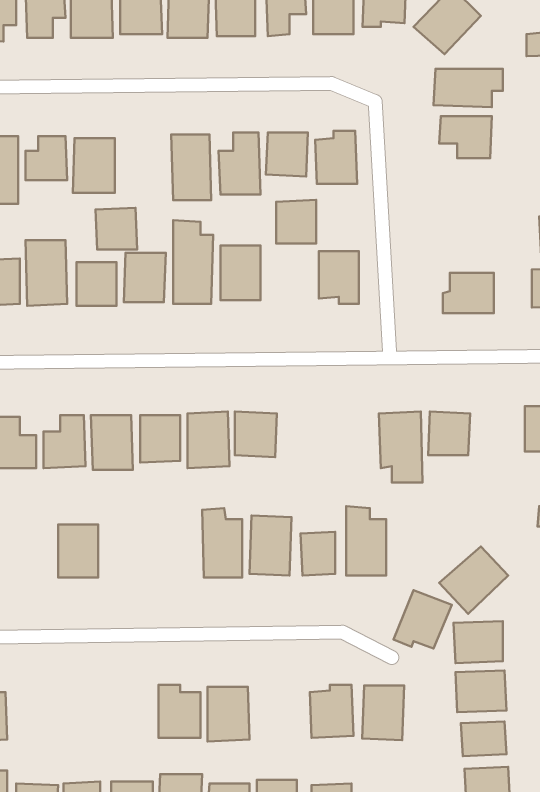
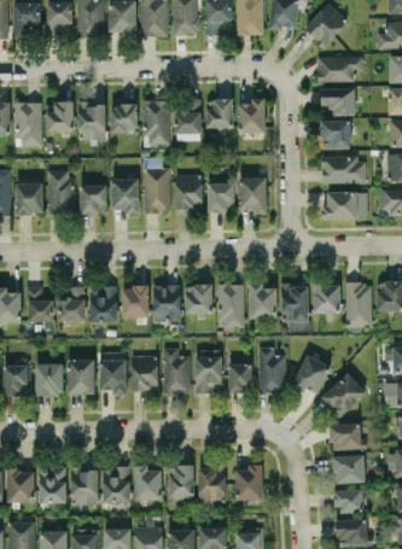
building: none -> [320,121,350,148]
building: [276,200,316,244] -> [208,182,234,211]
building: [95,208,137,250] -> [110,104,138,132]
building: none -> [321,157,366,183]
building: none -> [249,282,276,319]
building: none -> [345,282,372,327]
building: none -> [219,284,244,327]
building: none -> [130,355,158,392]
building: none -> [100,360,127,395]
building: none -> [35,363,63,396]
building: [393,590,452,649] -> [292,355,331,393]
building: [362,685,404,740] -> [198,466,226,502]
building: none -> [39,466,66,502]
building: none -> [103,467,130,503]
building: none -> [70,468,98,504]

